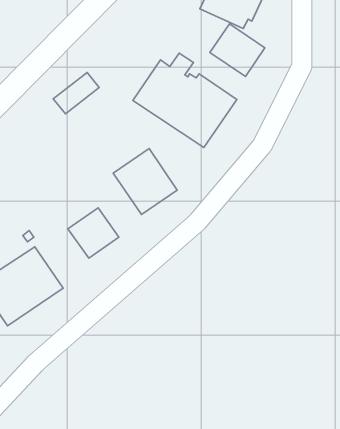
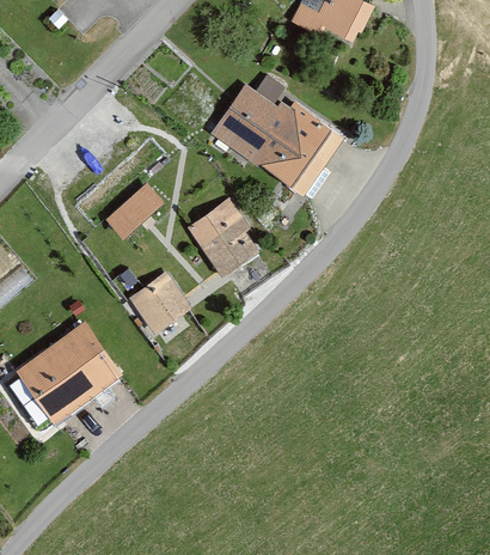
building: [210,24,265,77] -> none
building: [53,72,99,114] -> [105,184,164,237]

